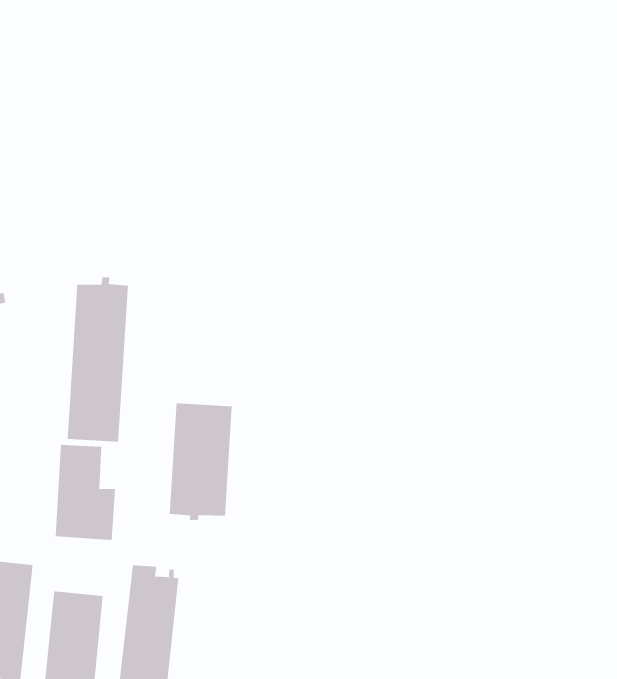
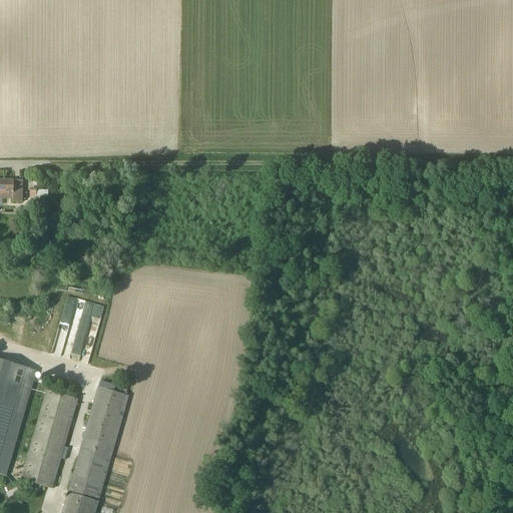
building: [67,276,128,443] -> none
building: [169,402,232,521] -> none

